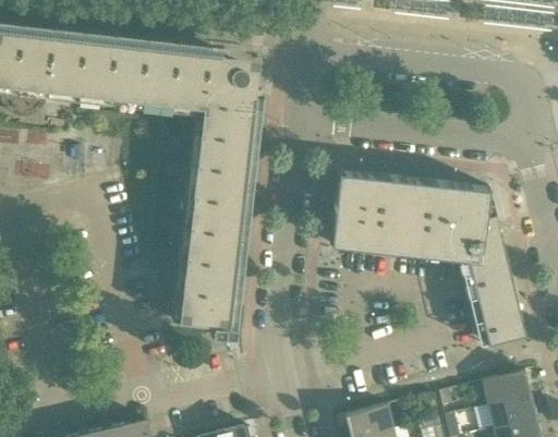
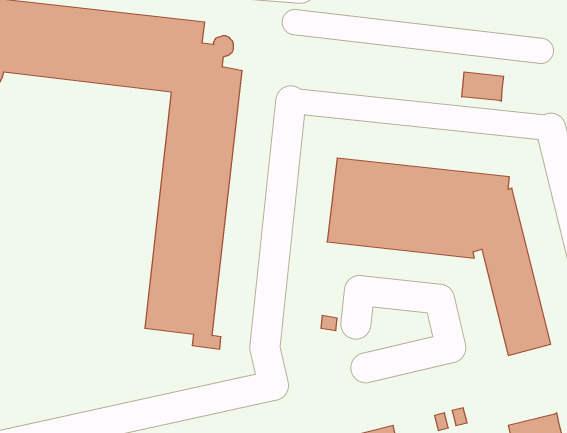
building: none -> [462,72,504,101]
building: [482,372,530,405] -> none

